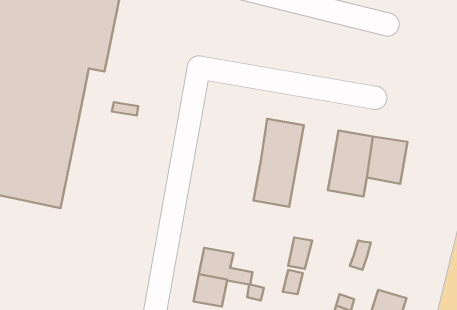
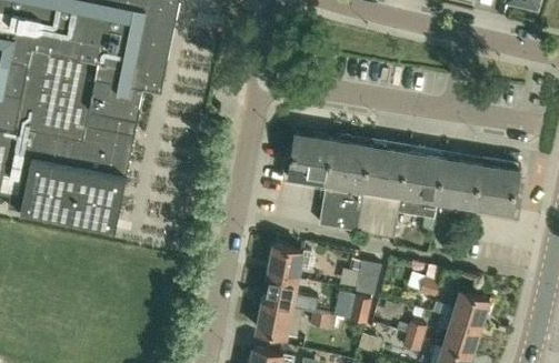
building: none -> [289,131,333,182]
building: none -> [357,144,409,236]
building: none -> [475,162,520,213]
building: none -> [267,245,315,280]
building: none -> [451,291,490,327]

